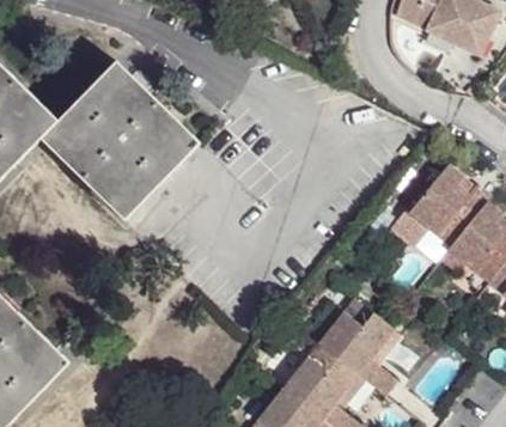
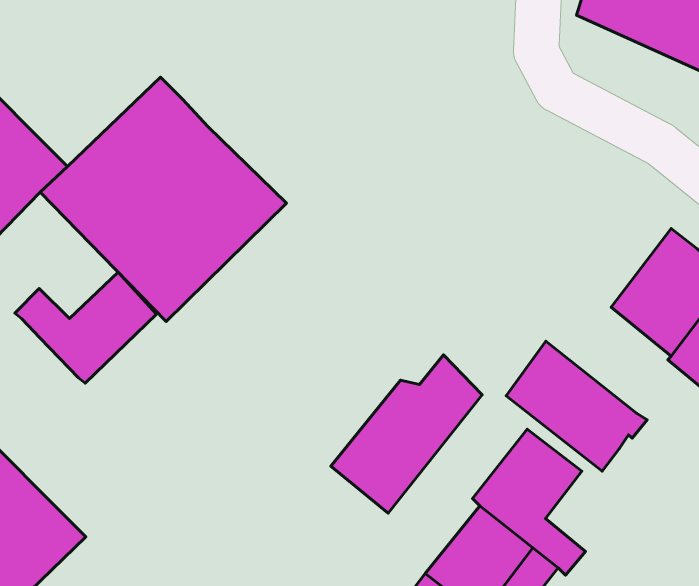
building: none -> [15,272,156,383]
building: none -> [506,341,647,471]
building: none -> [331,355,482,513]

